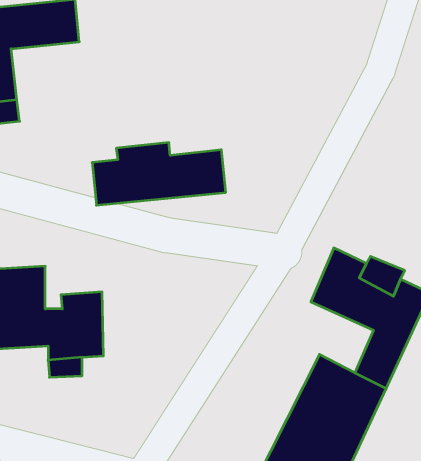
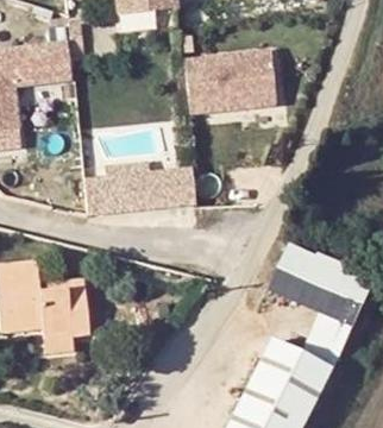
building: none -> [183,50,275,112]

